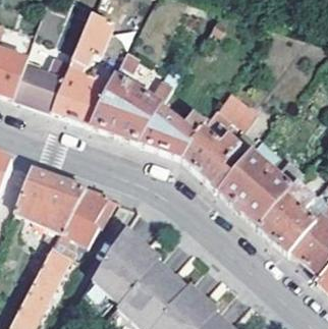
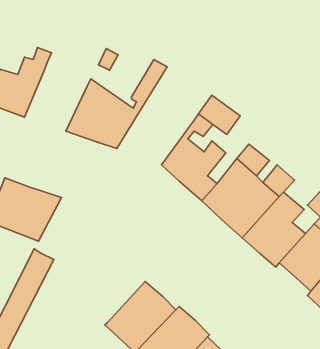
building: [71,13,113,66] -> none
building: [50,65,109,124] -> none
building: [136,107,209,156] -> none
building: [59,186,108,242] -> none
building: [99,231,166,304] -> none

